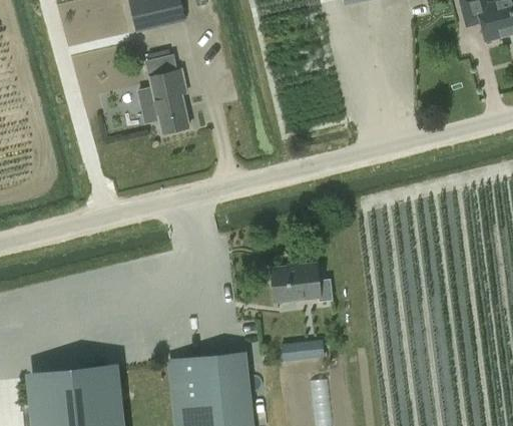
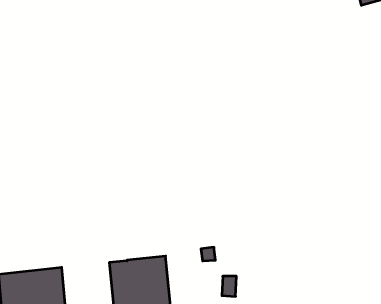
building: [138,56,188,132] -> none
building: [268,264,333,302] -> none

